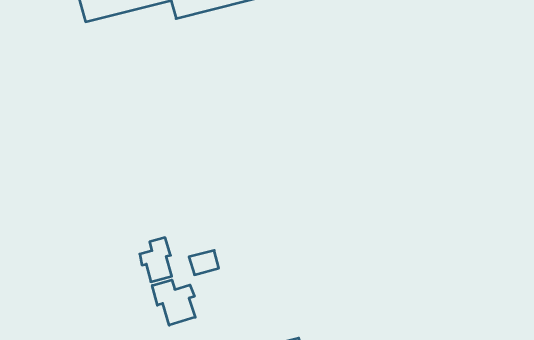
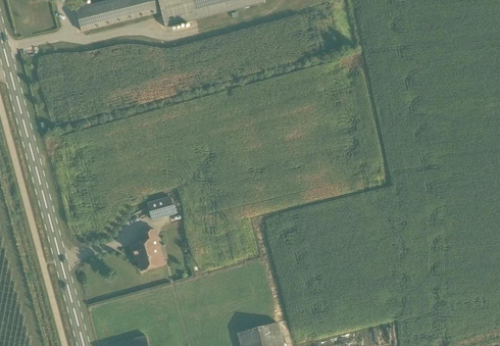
building: [189,250,219,275] -> [147,195,174,217]
building: [152,280,195,325] -> none

